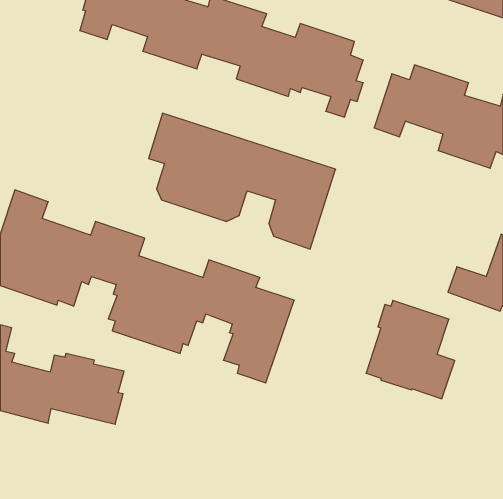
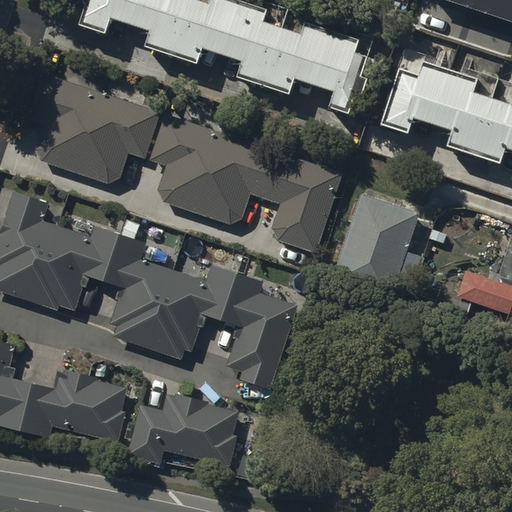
building: none -> [27,73,160,184]
building: [366,300,455,399] -> [336,196,426,296]
building: none -> [129,384,240,456]

